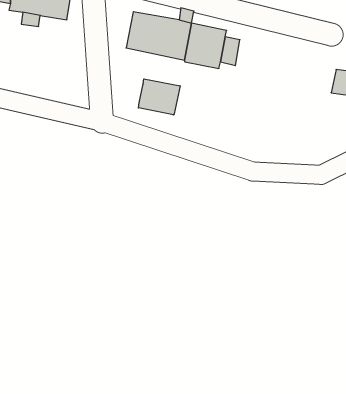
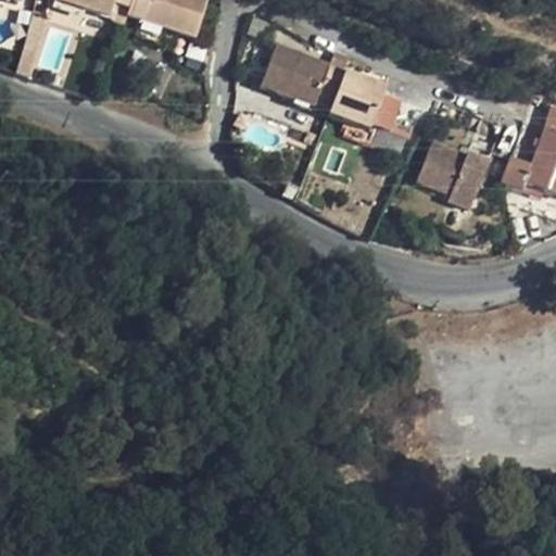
building: none -> [417,141,490,210]
building: [138,79,180,115] -> none

